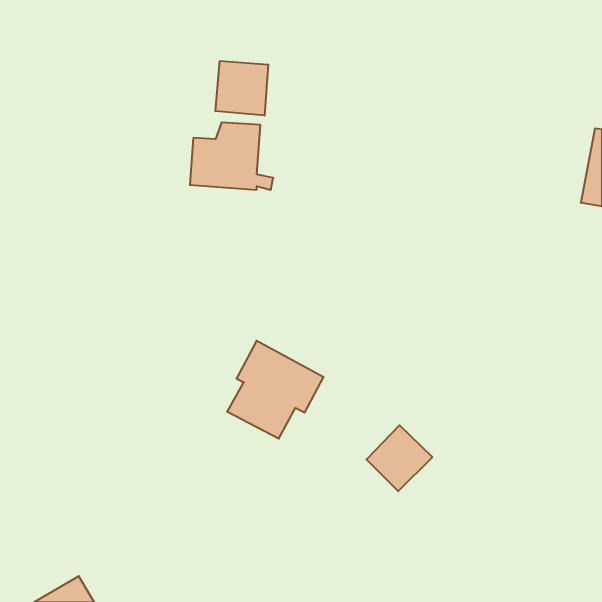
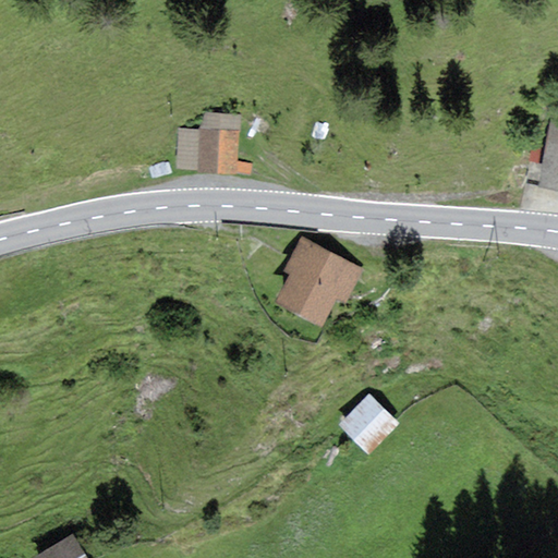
building: [215,61,268,116] -> none
building: [227,341,324,439] -> [275,235,364,326]

